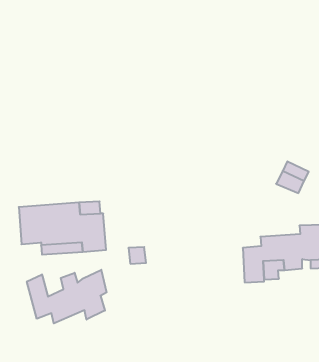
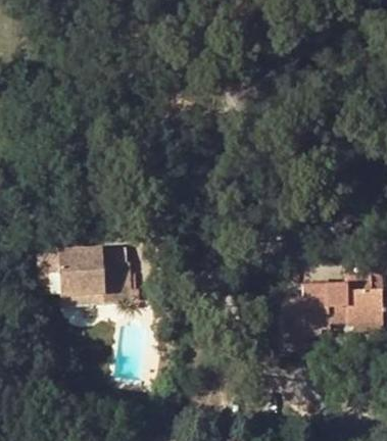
building: [27,270,107,323] -> none

